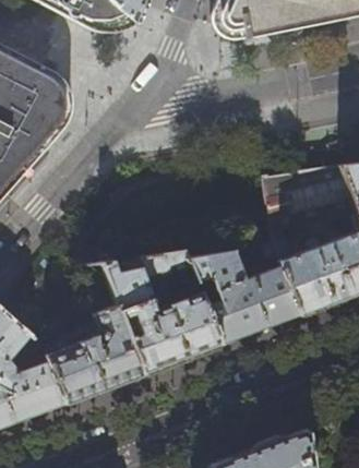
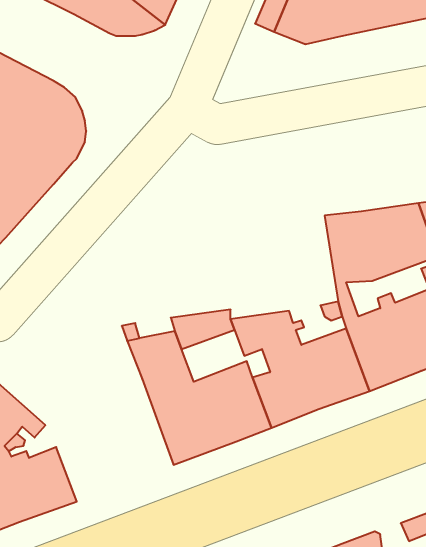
building: [46,305,142,404] -> none

